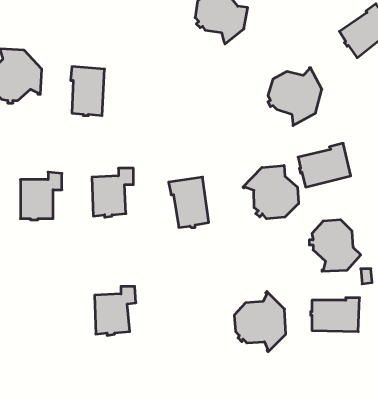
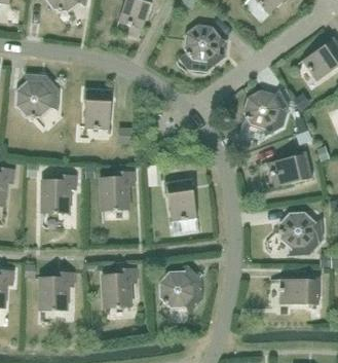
building: [243,165,299,219] -> none
building: none -> [39,271,73,311]
building: [234,291,286,352] -> [159,263,201,313]

